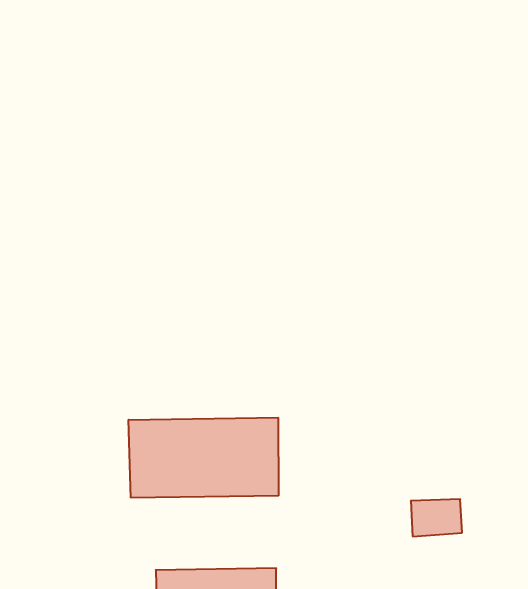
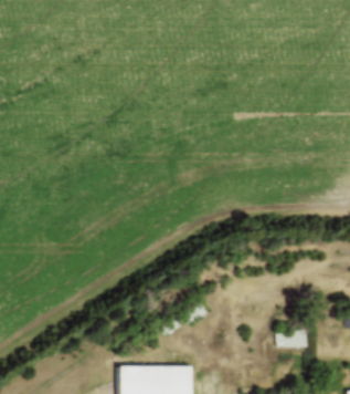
building: [129,418,278,498] -> none

